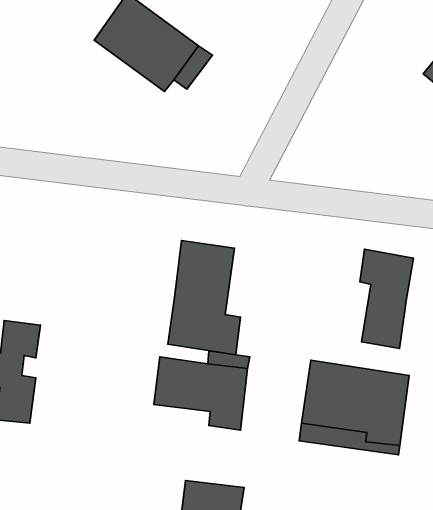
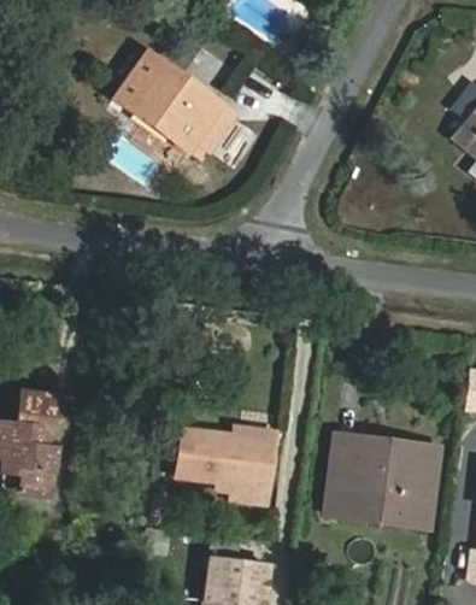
building: [168,240,240,355] -> none
building: [360,249,413,348] -> none

